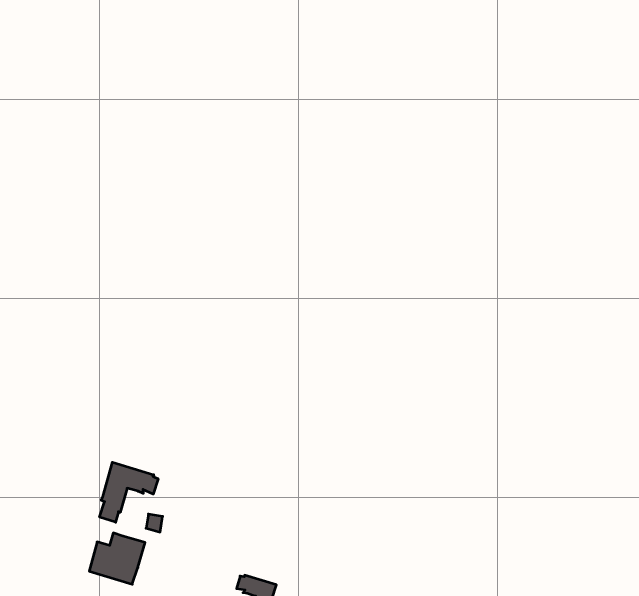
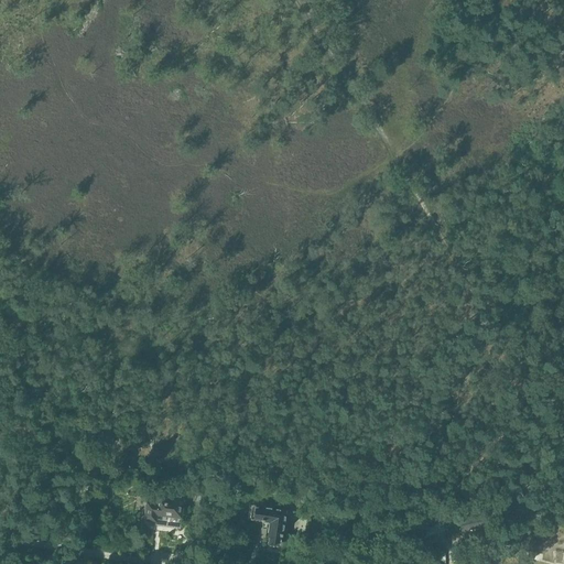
building: [100,462,158,522] -> none

